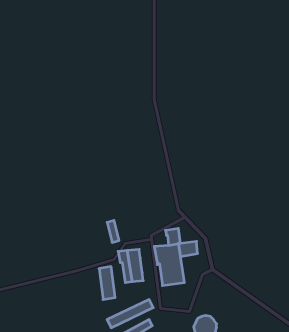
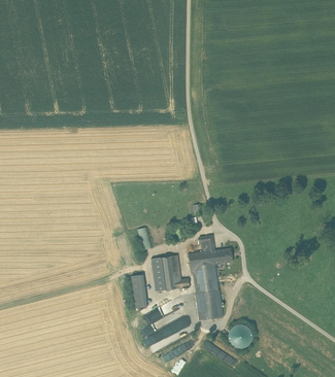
building: none -> [196,290,222,319]

